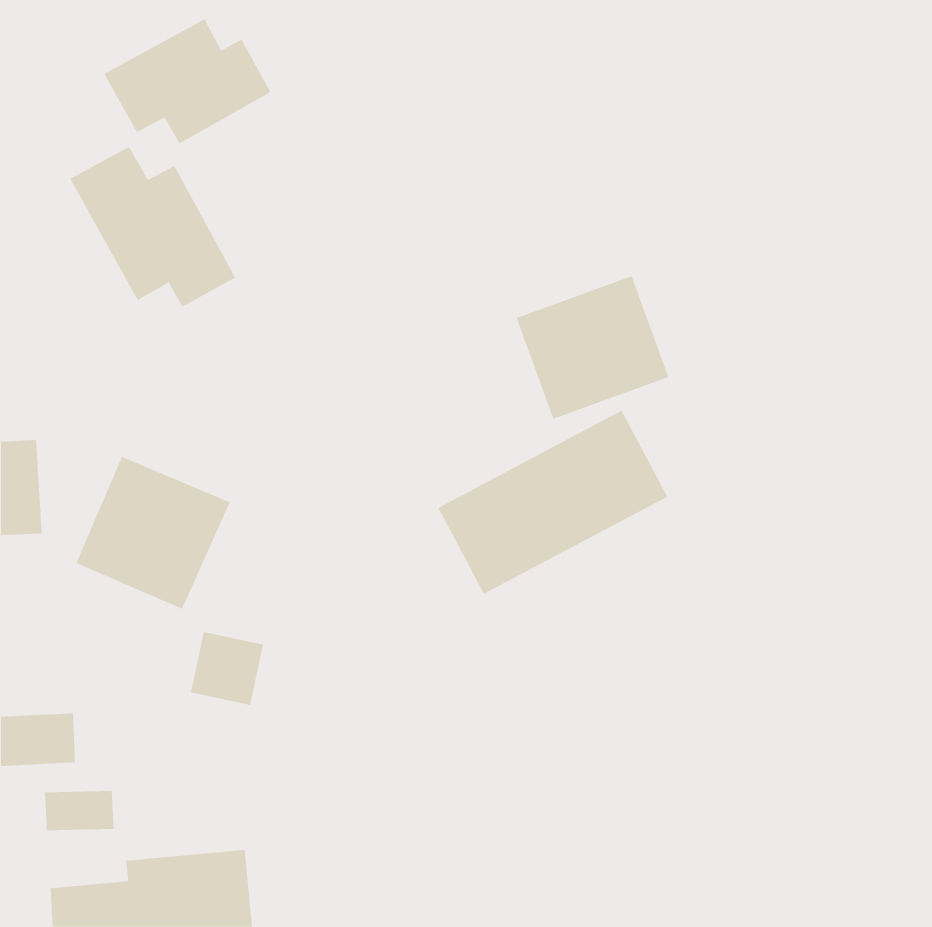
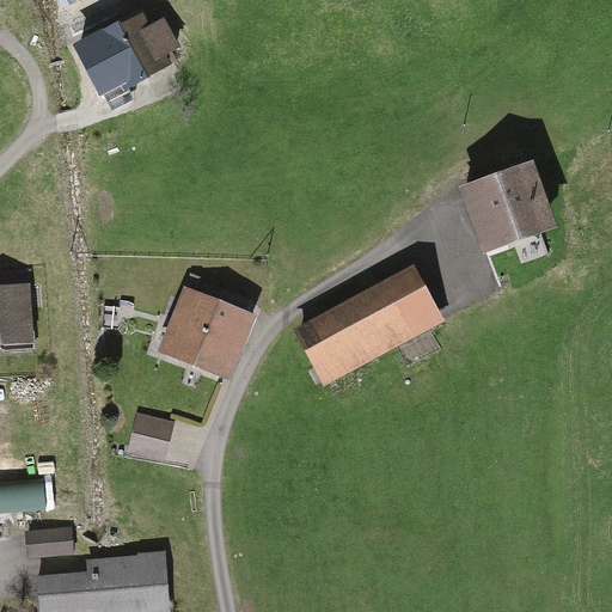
building: [69,146,236,308] -> none
building: [516,275,669,419] -> [455,163,555,256]
building: [75,456,230,609] -> [155,286,256,385]

